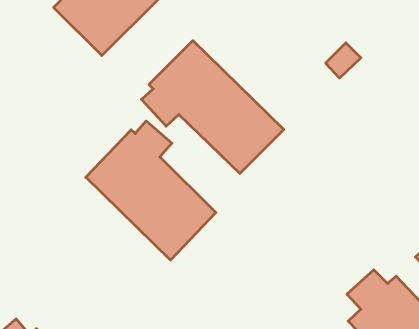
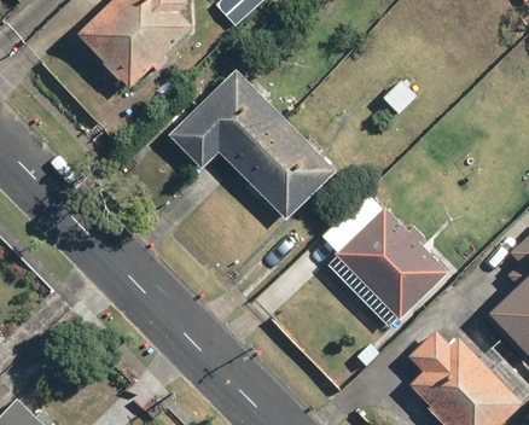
building: [86,121,216,260] -> none
building: none -> [333,206,448,322]

